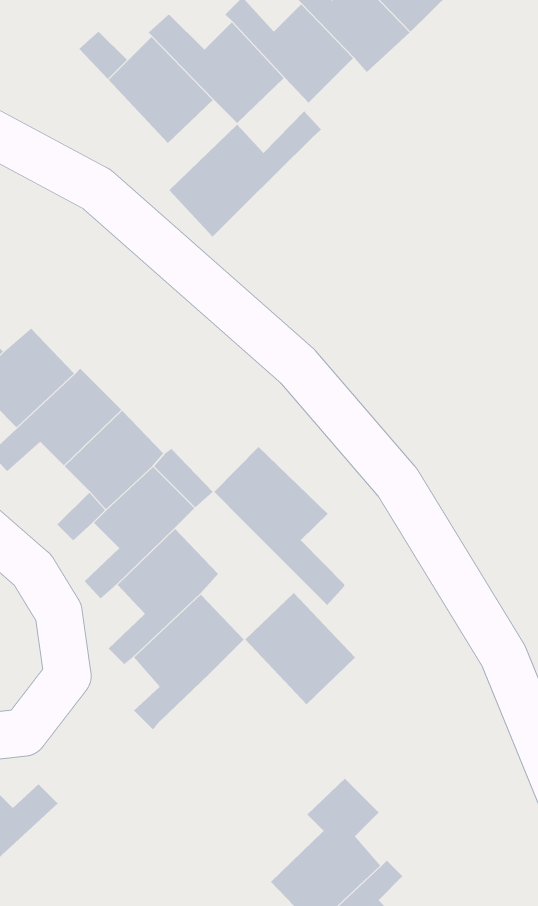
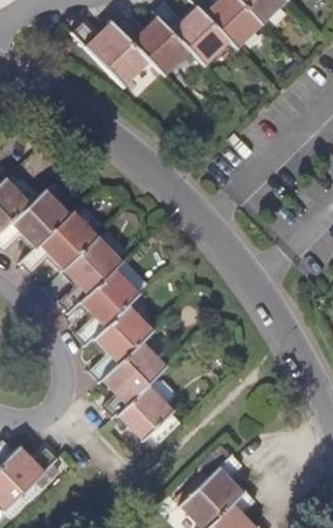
building: [168,110,322,238] -> none
building: [213,446,345,606] -> none
building: [244,592,356,705] -> [119,386,181,450]

